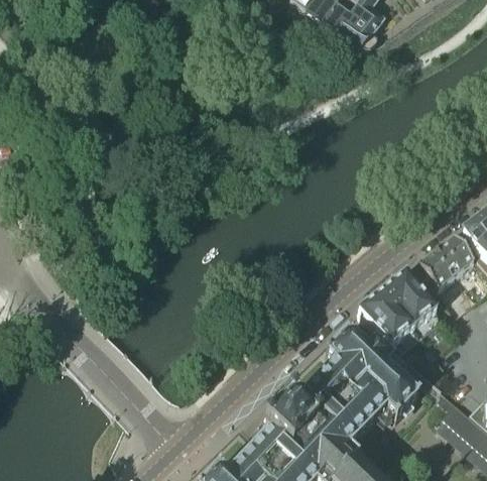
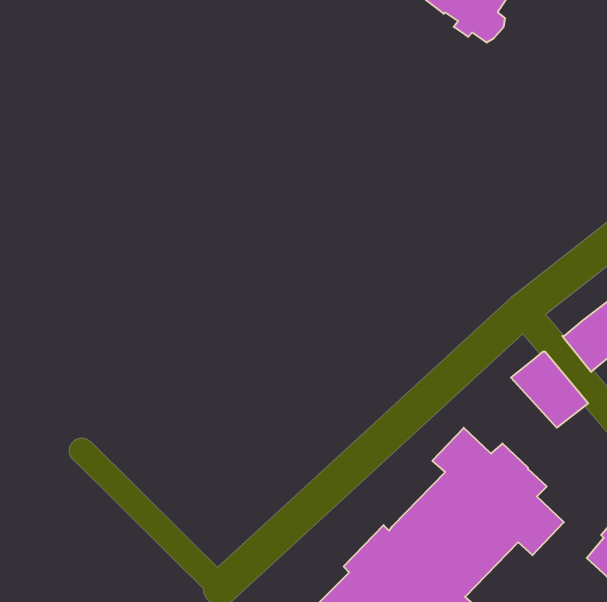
building: [358,291,414,345] -> none

